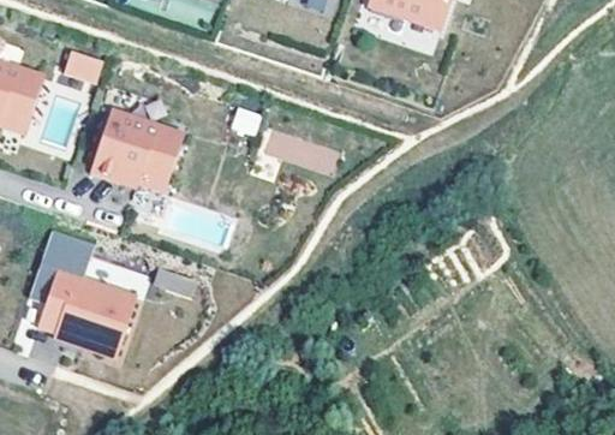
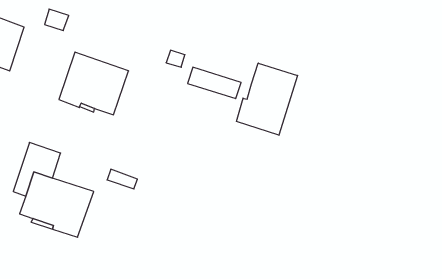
building: none -> [237,63,298,135]

